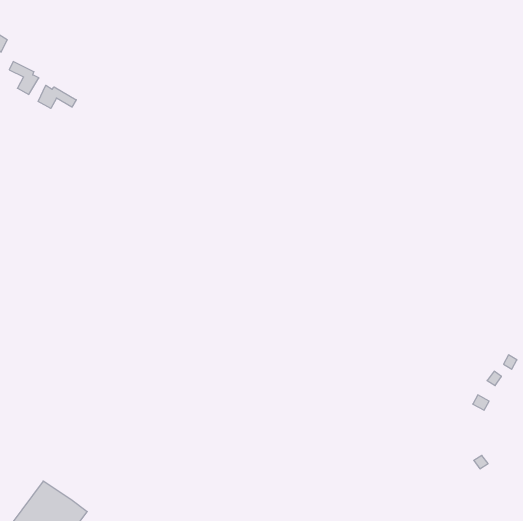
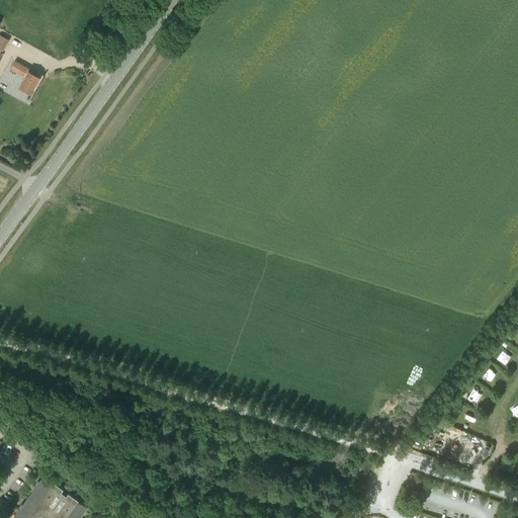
building: [38,85,76,108] -> none

